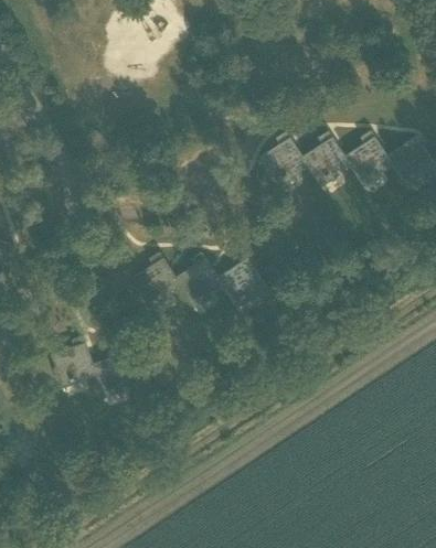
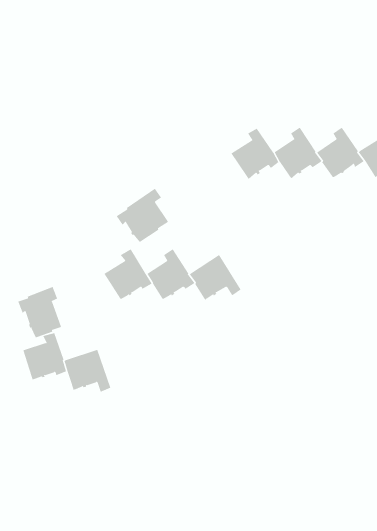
building: none -> [116,188,170,249]
building: none -> [17,286,62,341]

